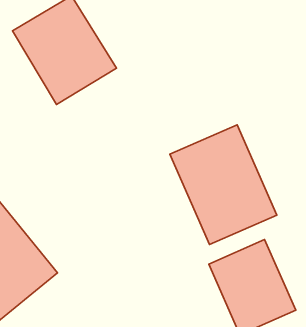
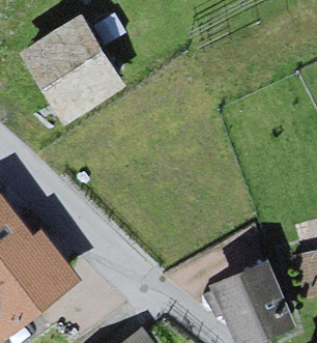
building: [170,125,277,244] -> none

